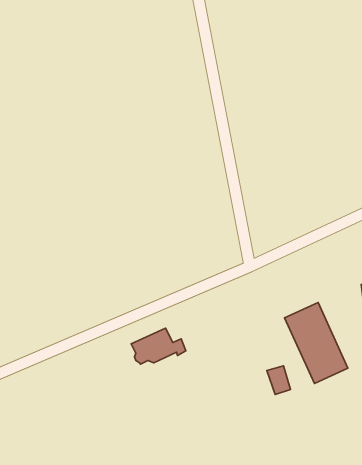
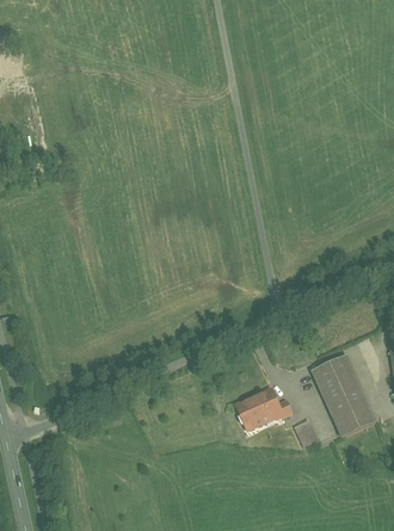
building: [131,328,186,364] -> [235,389,290,425]

